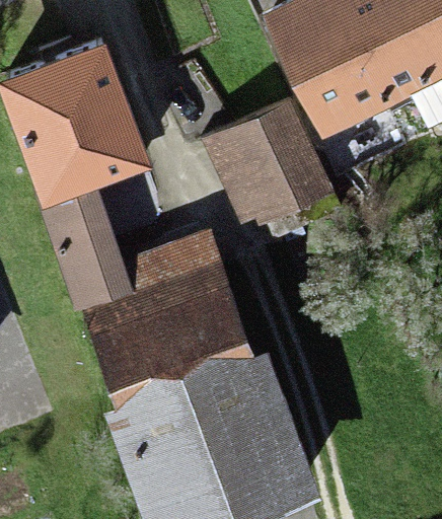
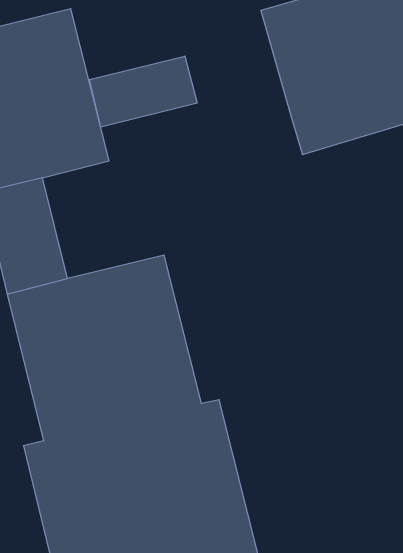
building: none -> [89,56,197,127]
building: [216,109,333,226] -> none

